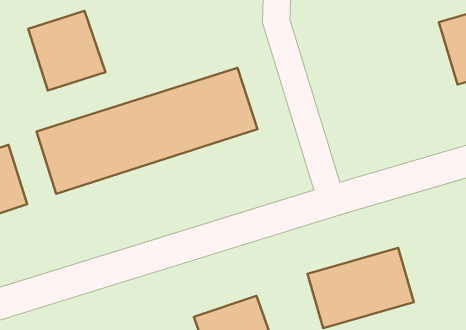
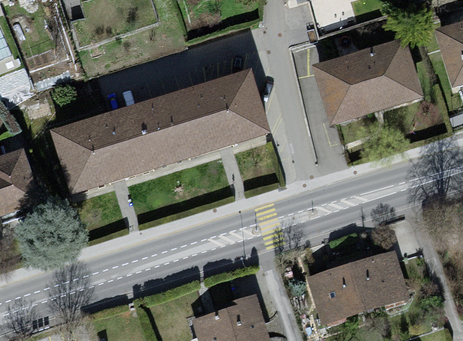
building: [28,11,105,91] -> none
building: none -> [314,43,418,124]

